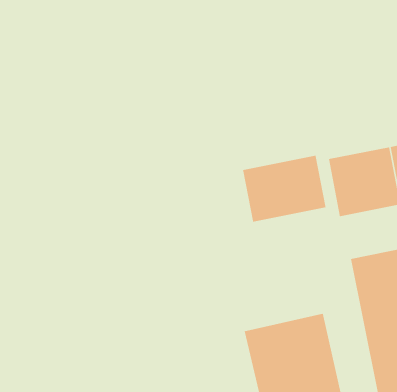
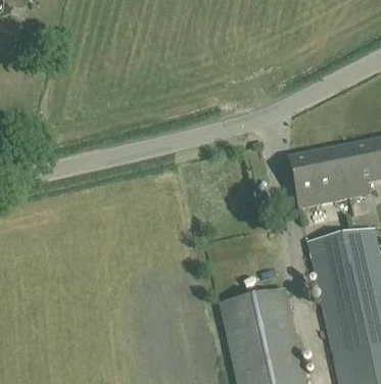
building: [242,155,326,223] -> none

